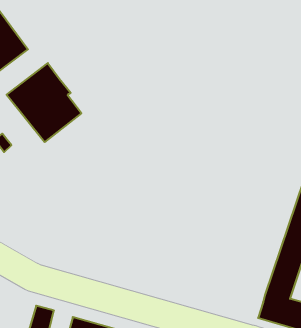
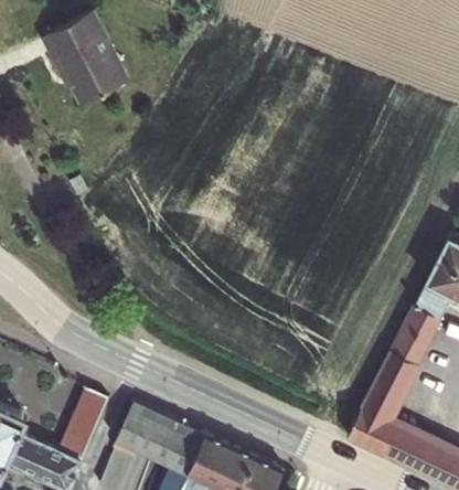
building: [7,63,81,142] -> none

